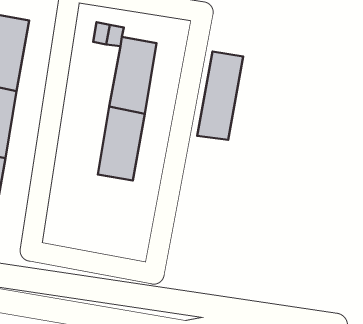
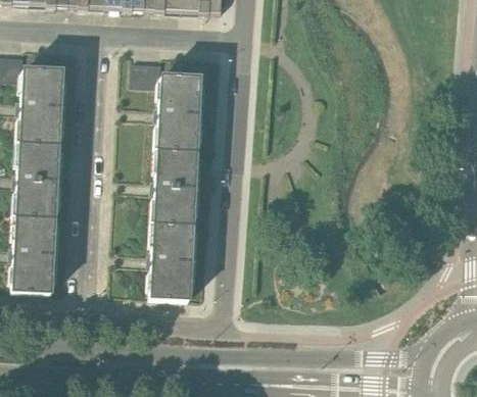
building: [197,52,243,140] -> none
building: none -> [151,222,193,297]

